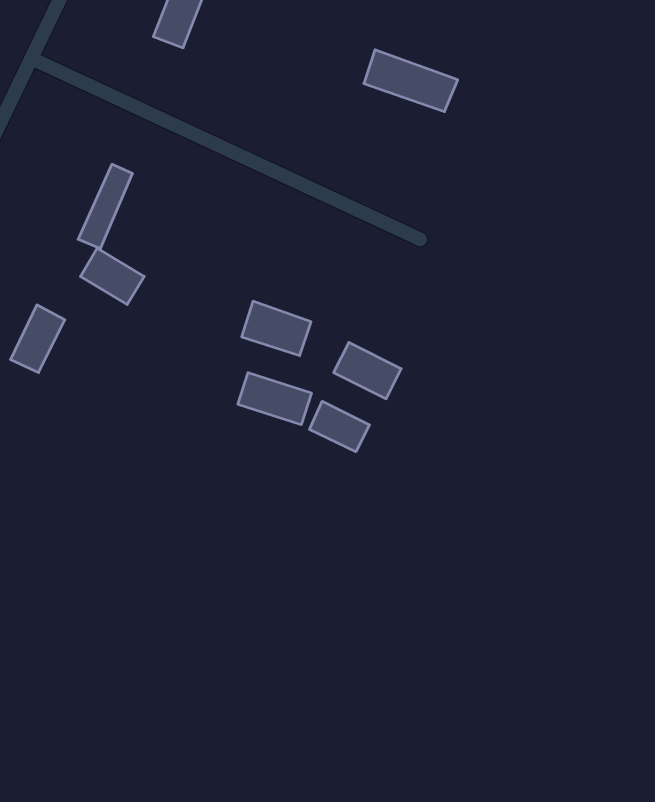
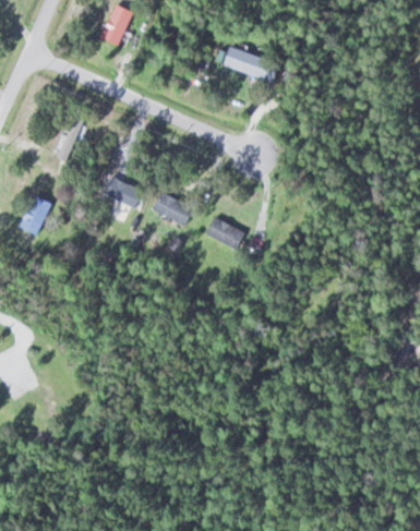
building: [80,248,144,305] -> [103,177,140,209]
building: [238,373,311,425] -> none
building: [309,401,370,452] -> none

